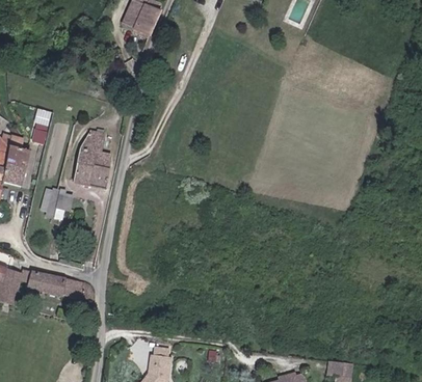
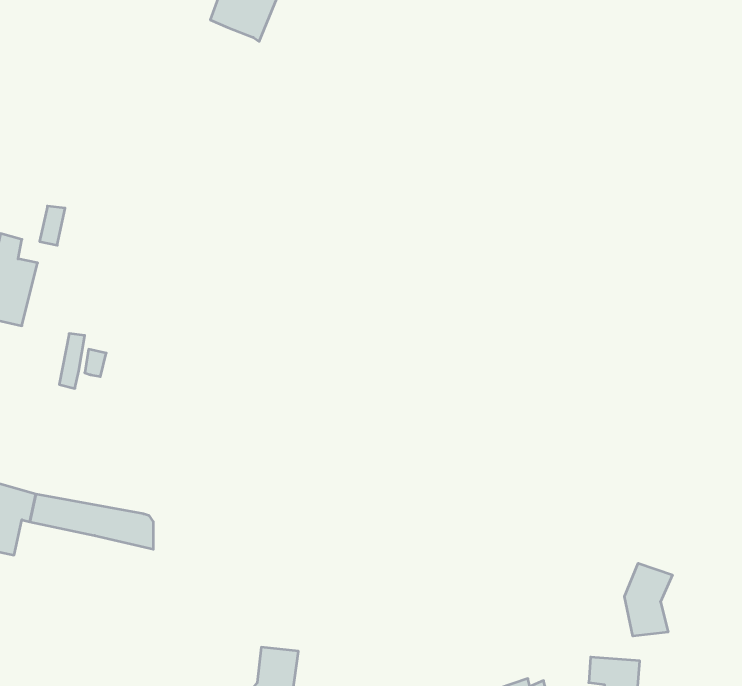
building: [71,130,111,189] -> none
building: none -> [624,563,672,636]

